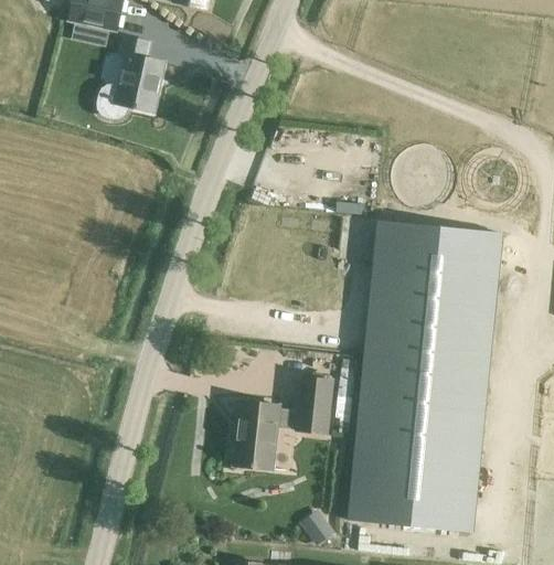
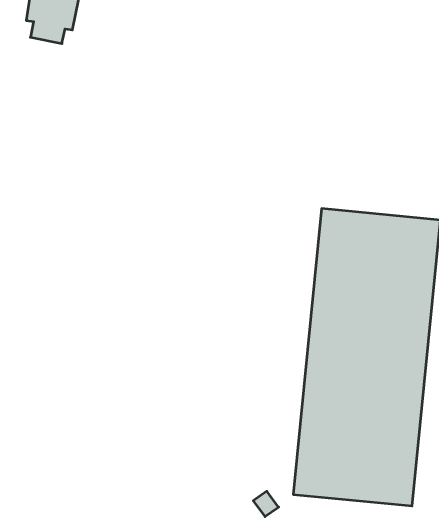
building: [97,36,163,118] -> none
building: [232,376,333,468] -> none

